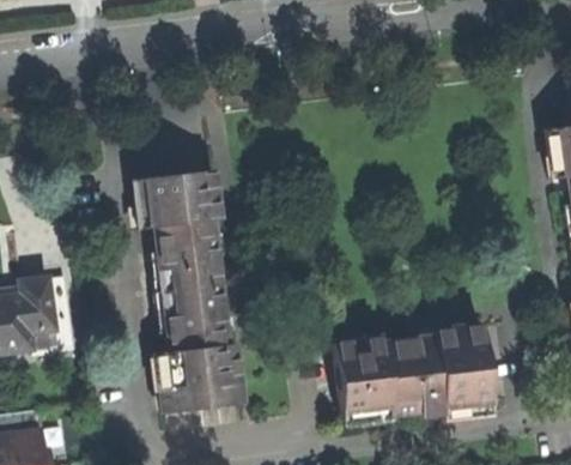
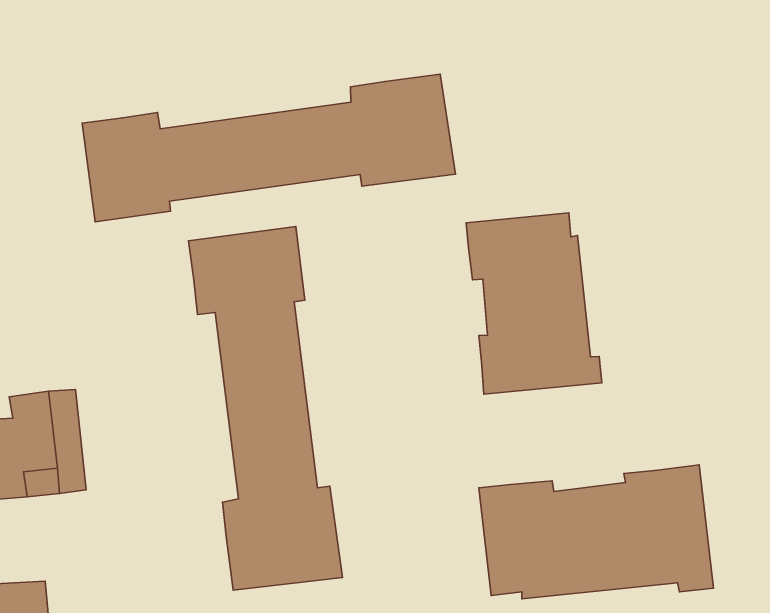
building: none -> [82,74,456,222]
building: none -> [466,213,602,394]

